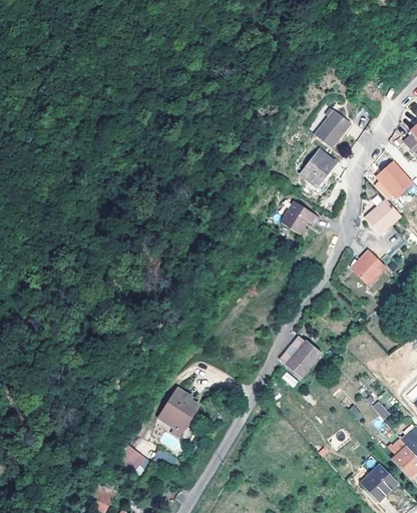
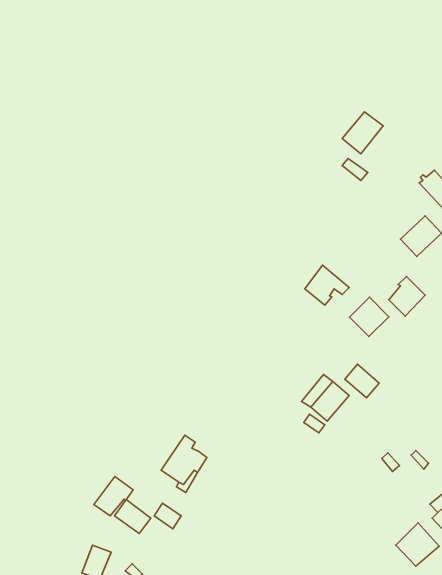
building: [300,156,330,185] -> none
building: [279,198,317,232] -> [305,265,349,305]
building: none -> [349,297,389,337]
building: none -> [345,364,379,398]
building: none -> [94,476,133,516]

